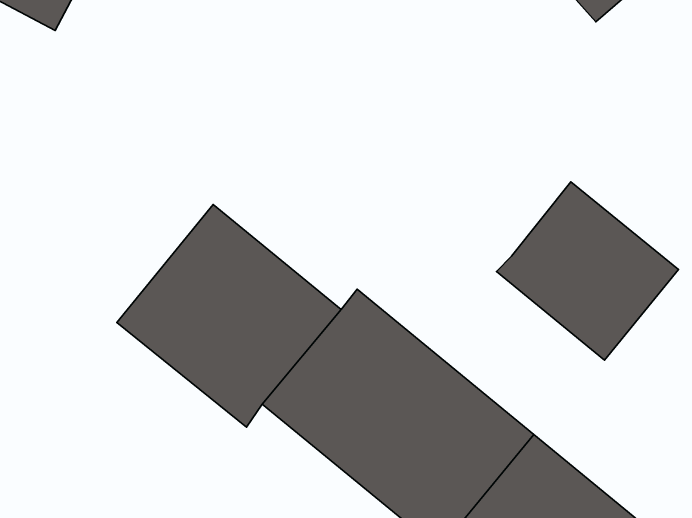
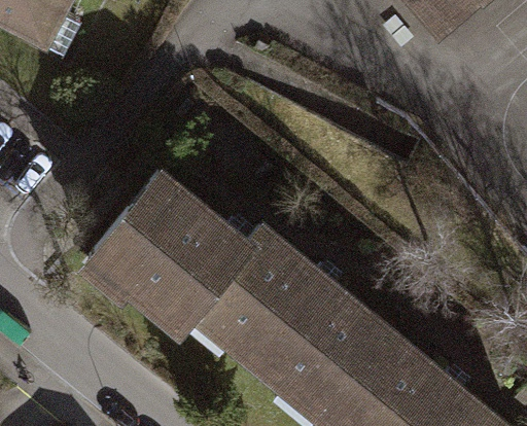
building: [497,182,679,360] -> none

